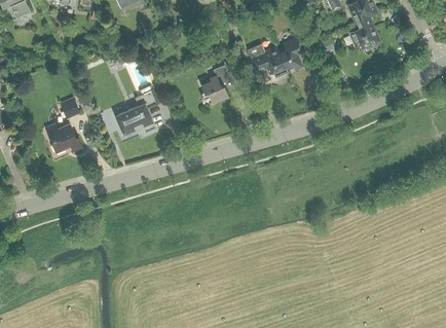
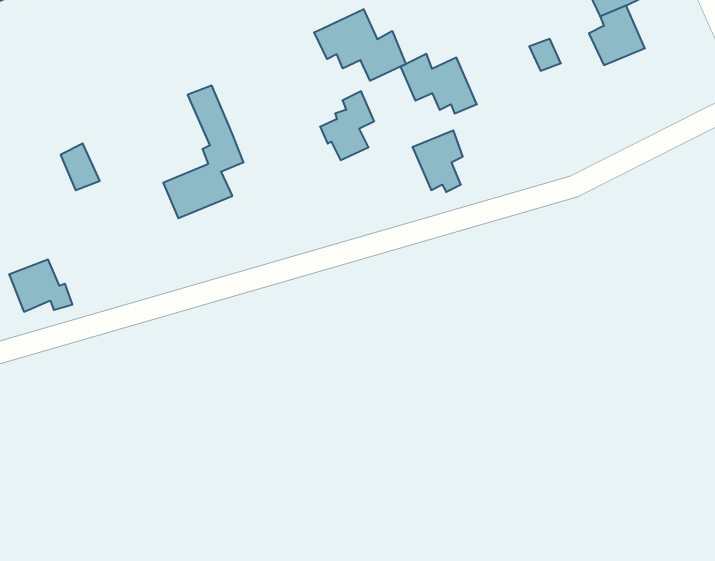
building: none -> [314,9,406,81]
building: [276,37,304,71] -> [412,130,463,192]
building: [48,123,83,152] -> [9,260,72,312]

